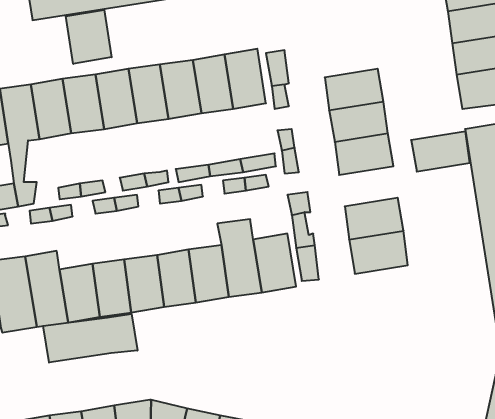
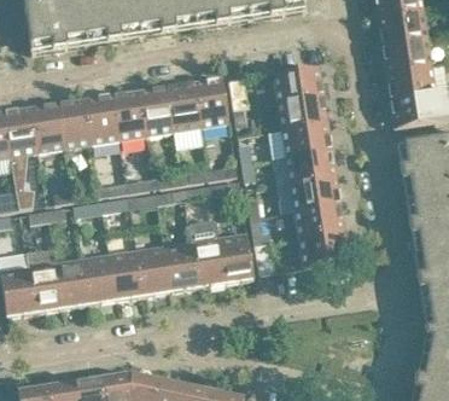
building: [66,10,112,64] -> none
building: none -> [274,65,323,100]
building: [411,131,470,172] -> [291,175,340,209]
building: [43,314,137,363] -> none

